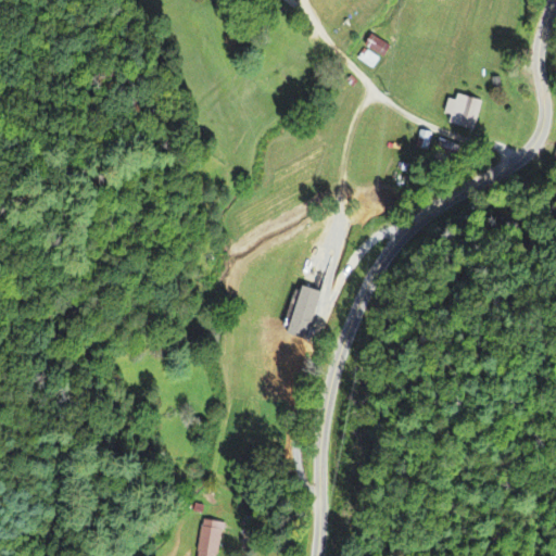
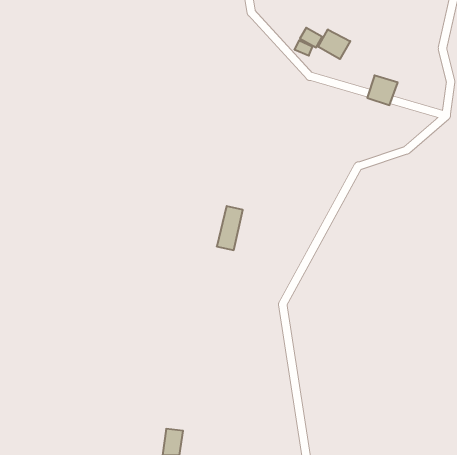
building: none -> [318,29,350,59]
building: [288,286,319,339] -> [217,206,243,250]

